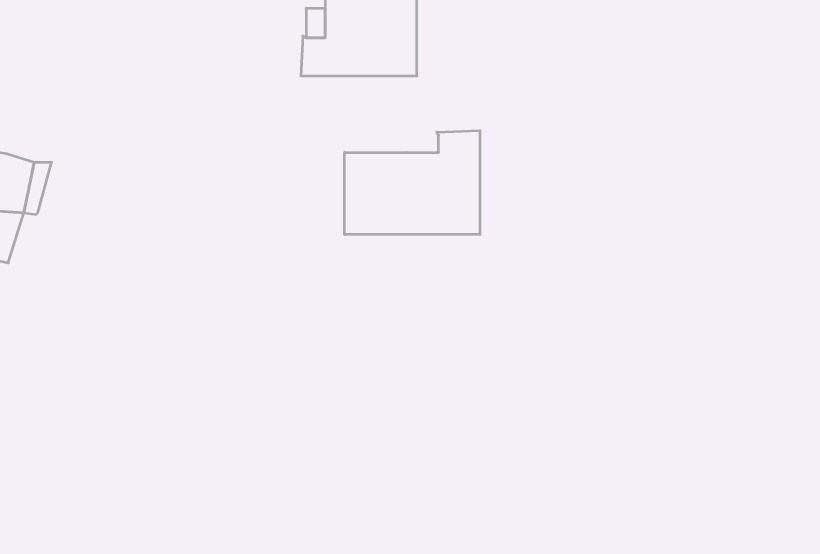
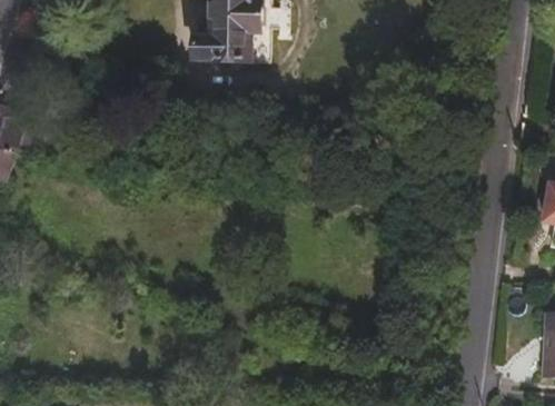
building: [345,131,480,235] -> none

